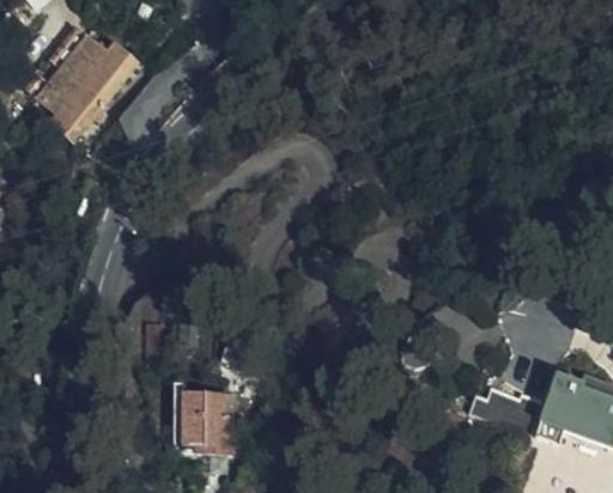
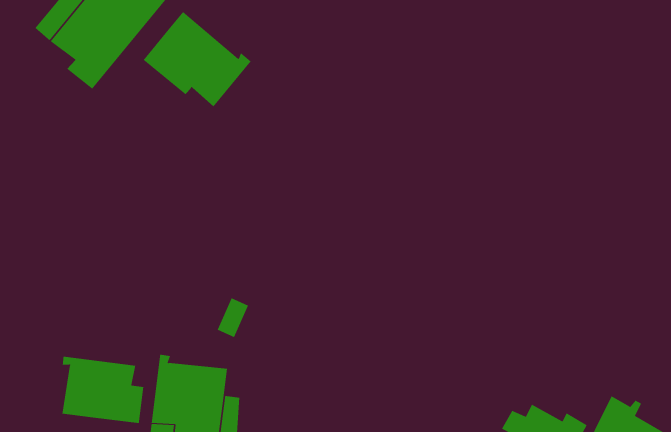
building: none -> [143,11,252,107]
building: none -> [62,356,144,424]

